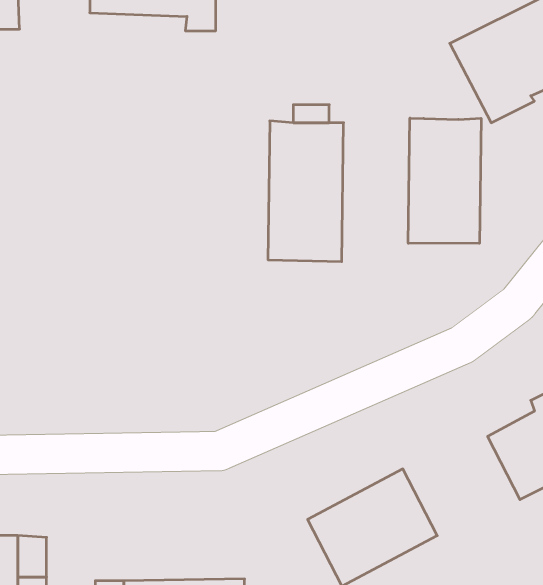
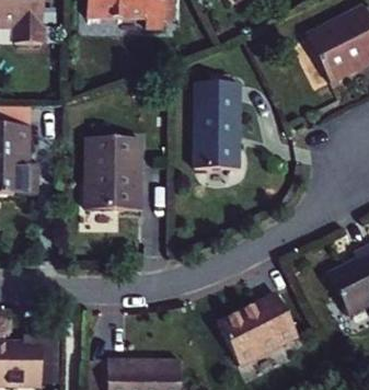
building: [408,118,481,243] -> none
building: none -> [85,138,140,209]

